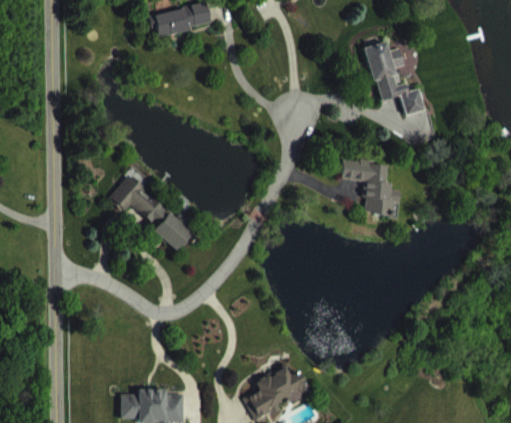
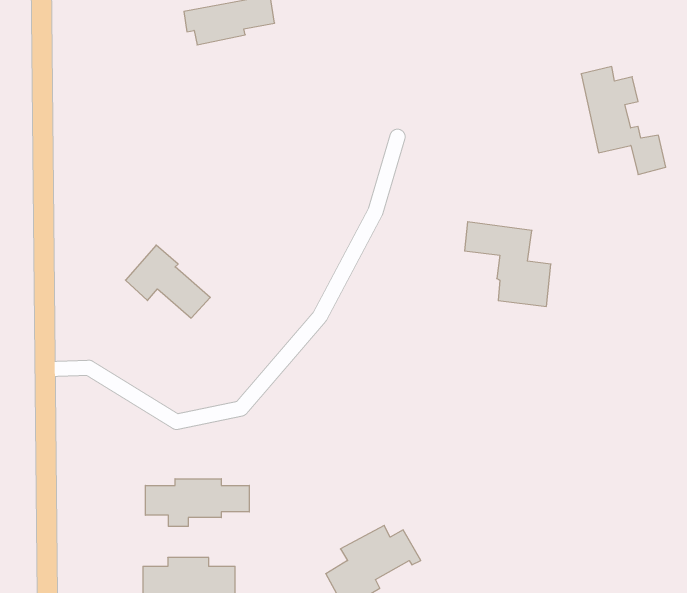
building: [366,41,424,115] -> [581,67,666,175]
building: [153,212,192,250] -> none
building: none -> [145,479,249,526]

